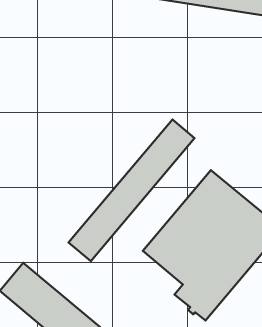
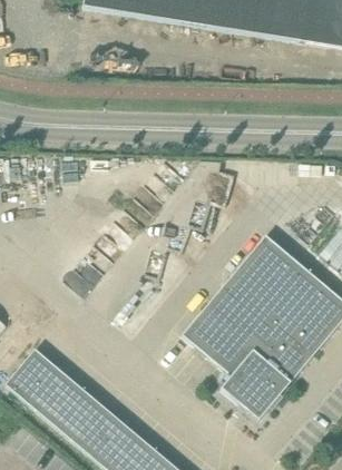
building: [69,119,195,261] -> none

